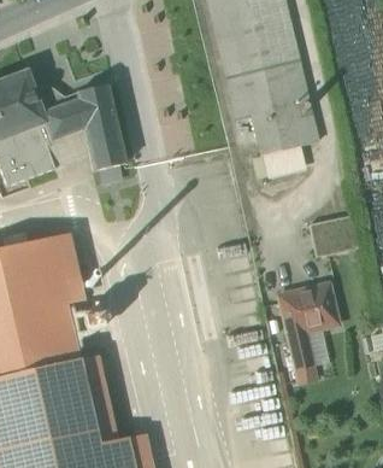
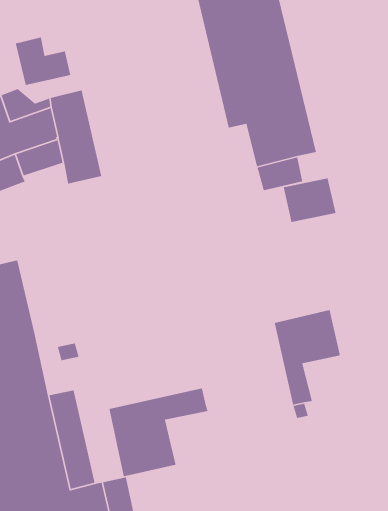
building: none -> [15,37,71,86]
building: [310,216,358,257] -> [283,177,336,223]
building: [48,234,87,305] -> none
building: none -> [109,387,209,477]

